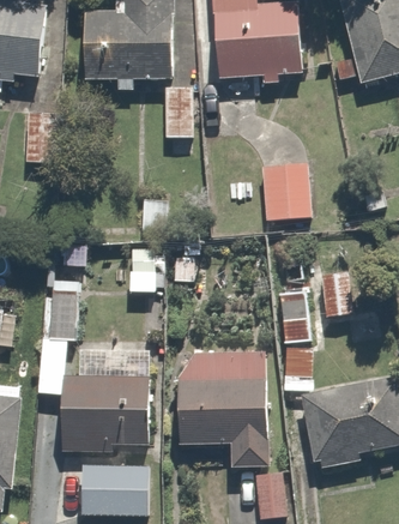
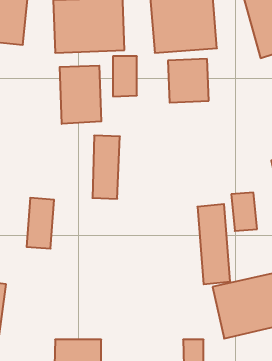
building: none -> [60,66,101,124]
building: [262,162,318,221] -> [168,59,209,103]
building: [179,347,271,465] -> none
building: [61,349,155,453] -> none

